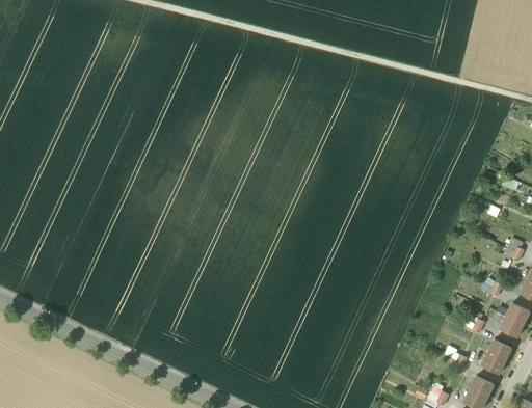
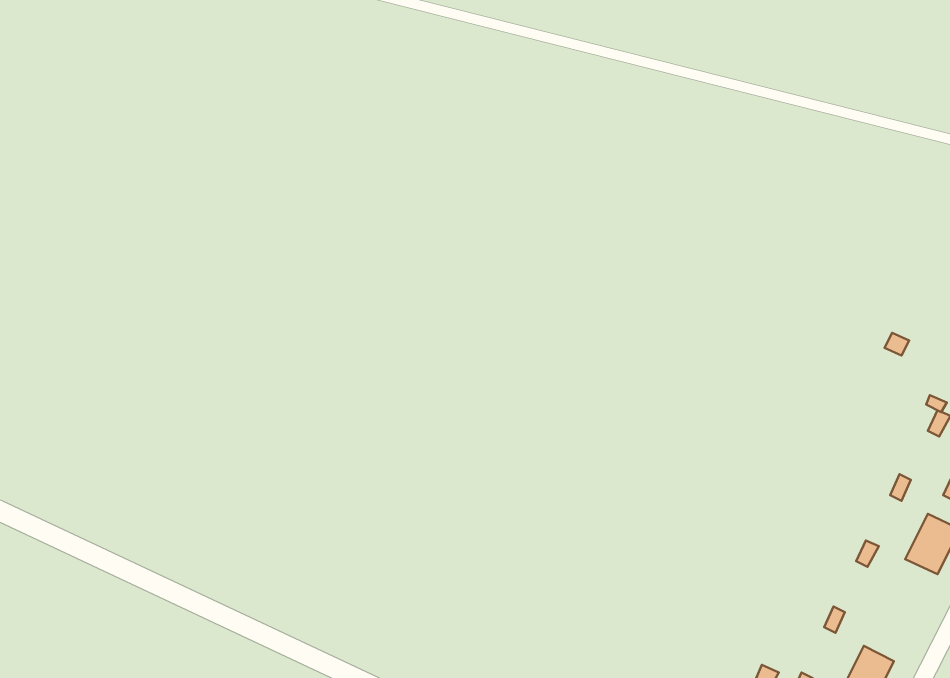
building: [482,341,511,374] -> none

